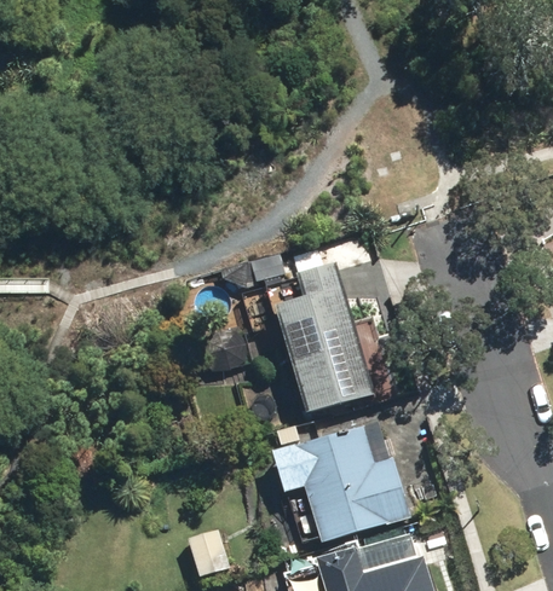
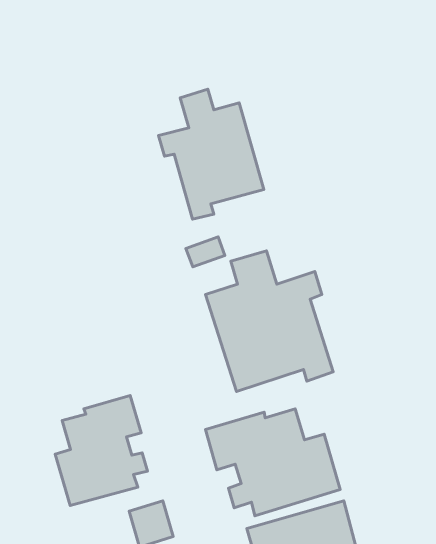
building: none -> [158,89,264,219]
building: none -> [55,396,147,506]

